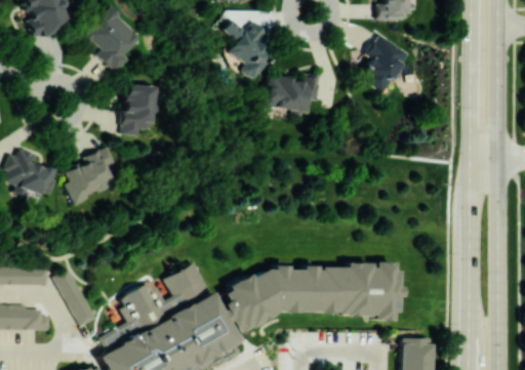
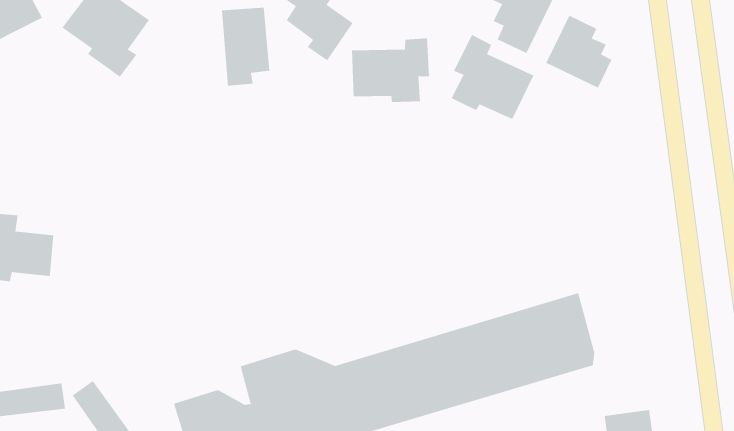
building: none -> [546,15,612,89]
building: none -> [451,34,534,120]
building: [122,85,154,136] -> [221,7,270,86]
building: [65,147,116,202] -> none

